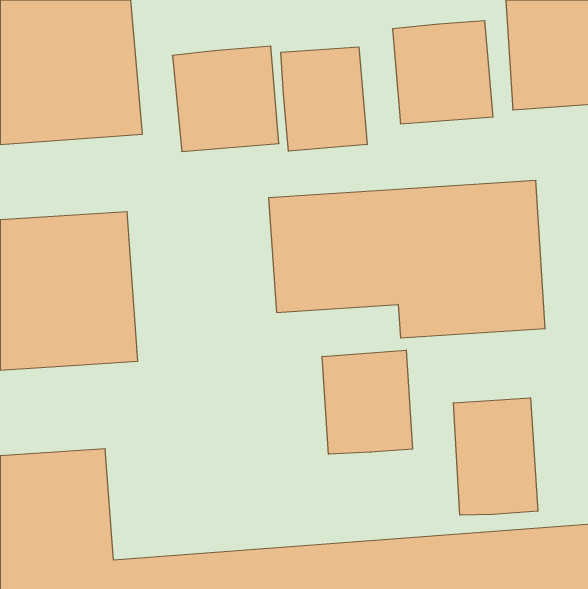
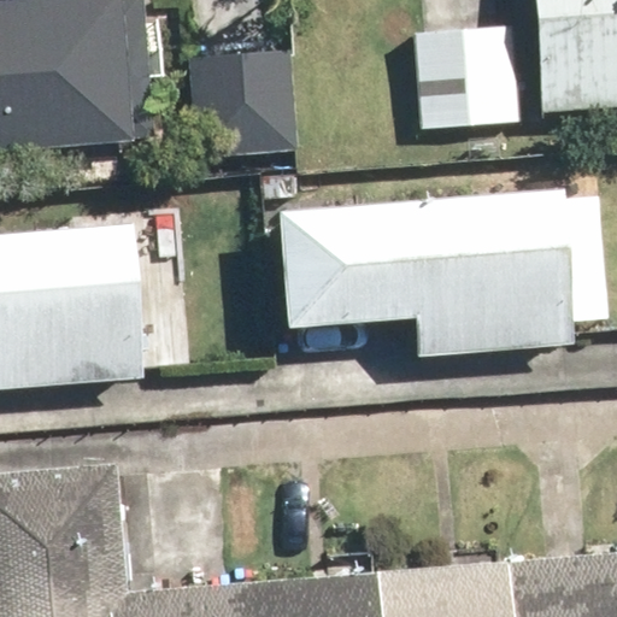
building: [281,47,367,151] -> none
building: [322,350,413,454] -> none
building: [454,398,538,515] -> none

